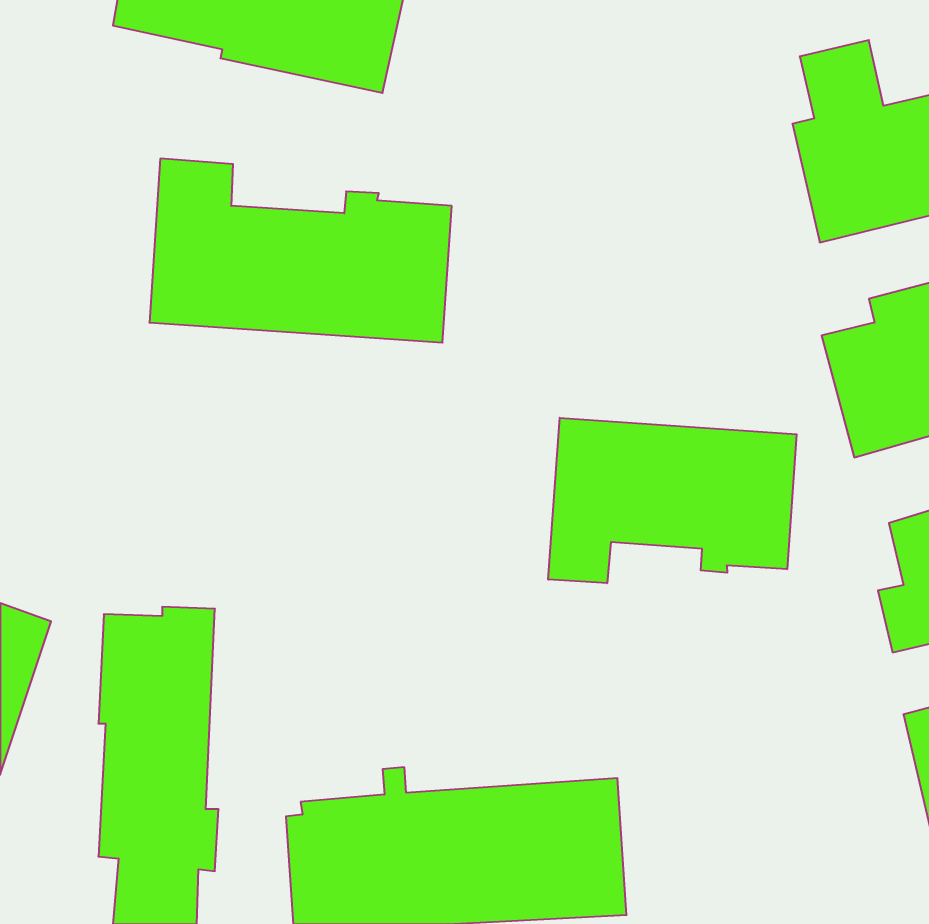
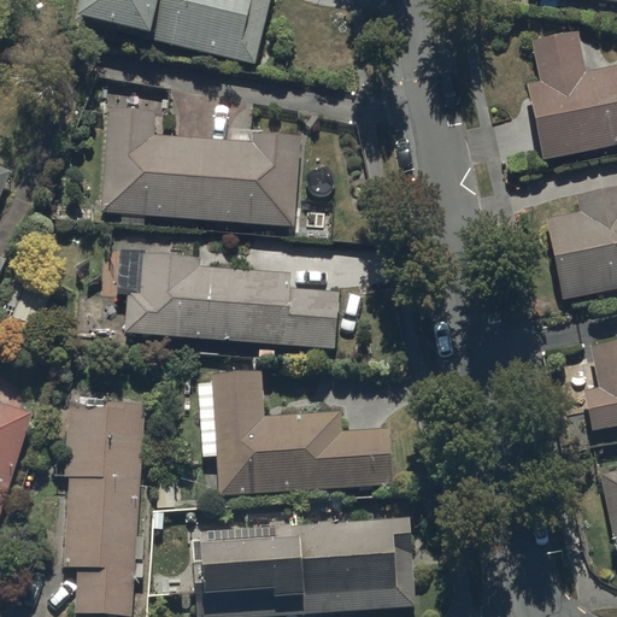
building: none -> [117,249,337,347]
building: [548,418,797,583] -> none
building: none -> [198,370,392,492]

